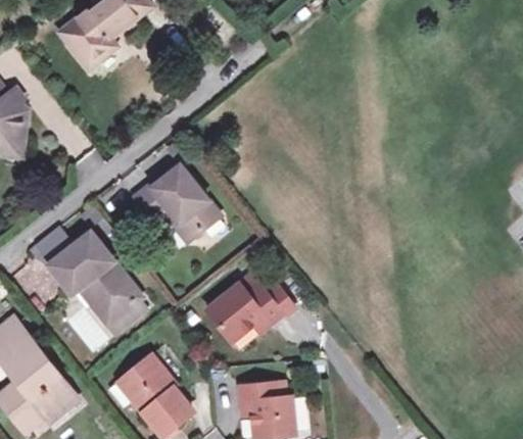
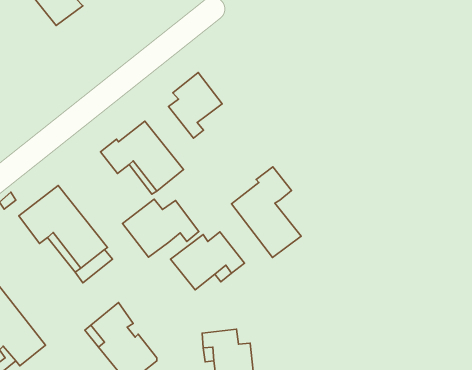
building: none -> [168,72,222,138]
building: none -> [231,167,301,258]
building: none -> [123,199,199,257]

